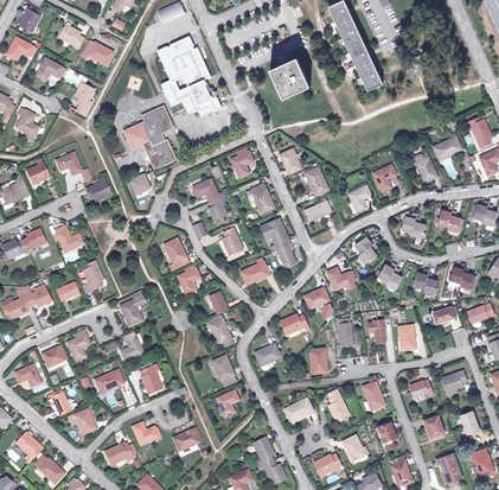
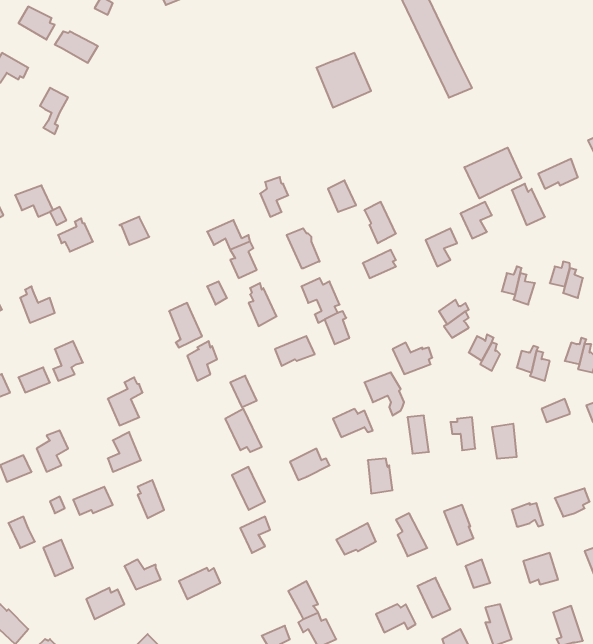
building: [156,38,219,116] -> none
building: [127,107,178,170] -> none
building: none -> [464,148,521,198]

